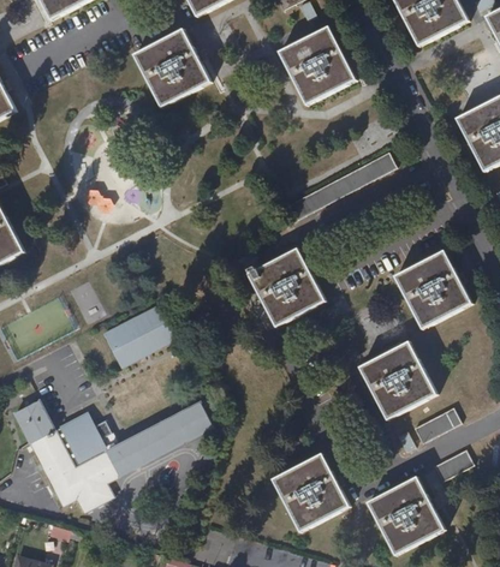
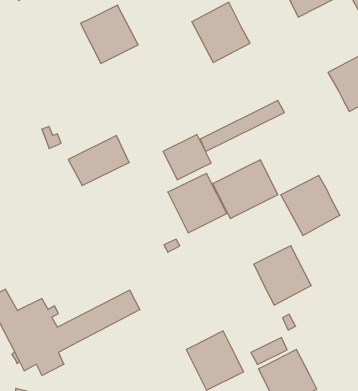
building: none -> [163,134,211,180]
building: none -> [213,160,278,219]
building: [101,302,180,366] -> [68,136,129,186]
building: [413,408,460,443] -> [251,338,287,364]
building: [433,450,474,484] -> none

